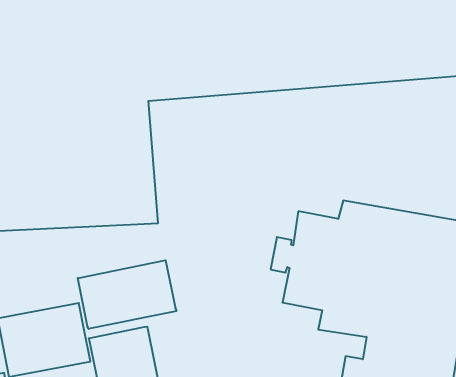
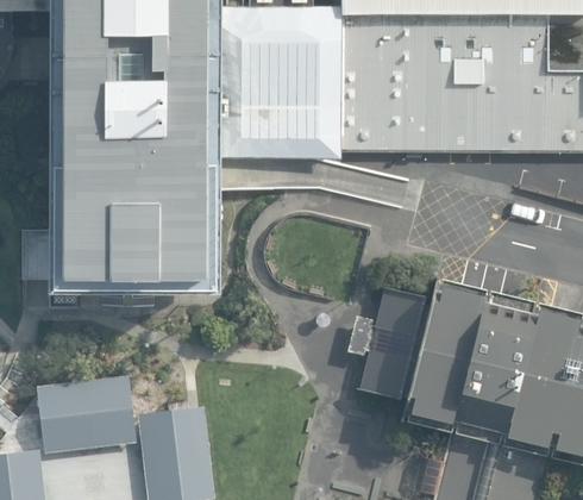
building: [78,260,176,329] -> none

